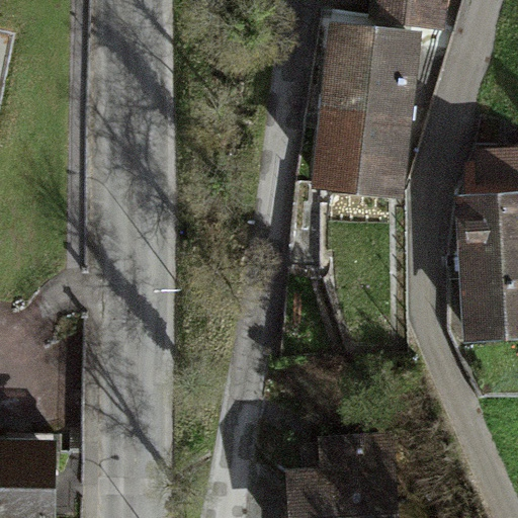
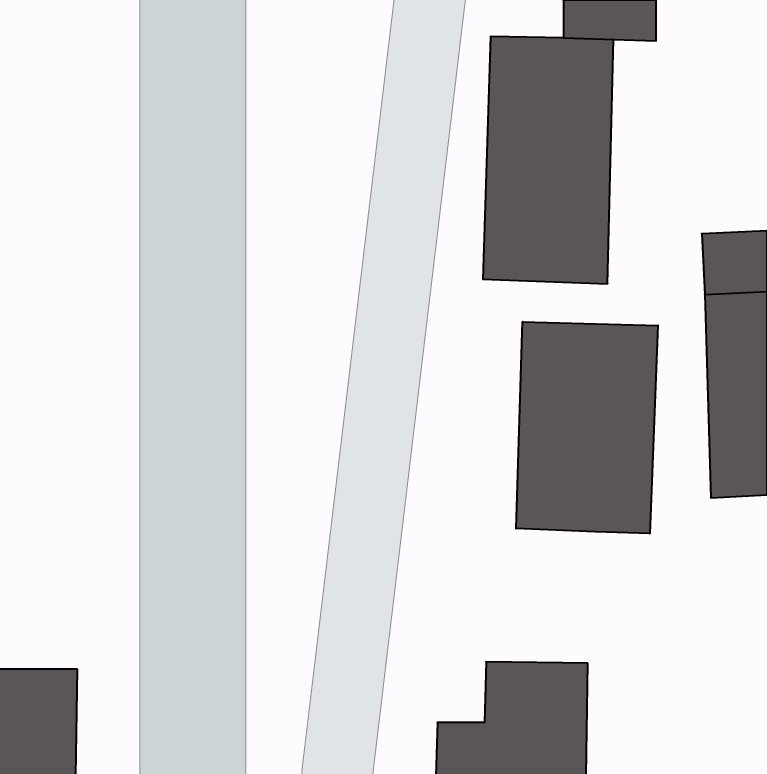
building: none -> [516,322,658,534]

